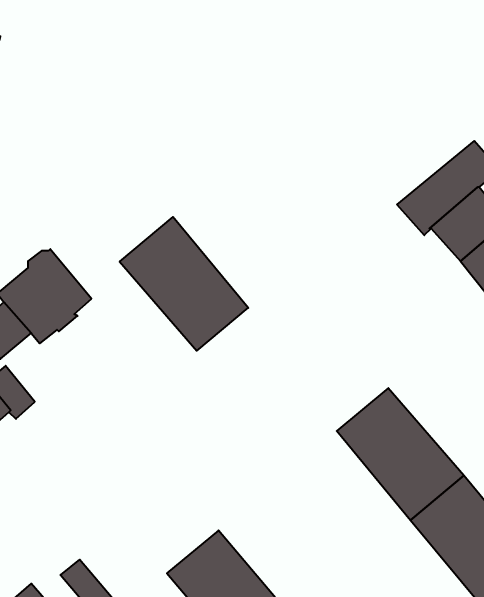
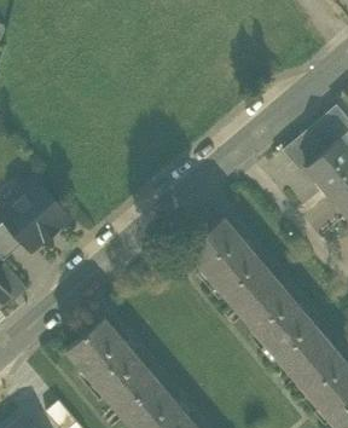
building: [120,217,248,351] -> [185,216,276,311]
building: none -> [66,319,156,411]

